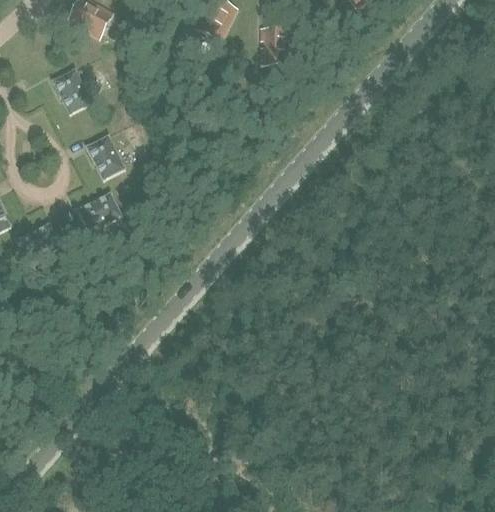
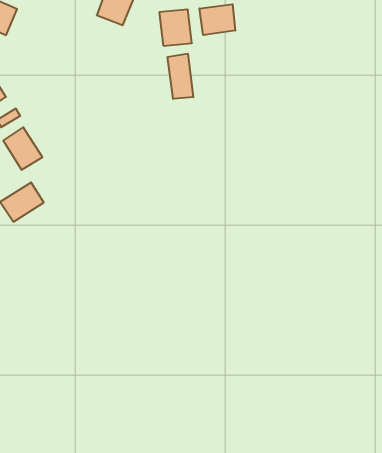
building: none -> [199,4,235,35]
building: none -> [168,54,193,99]

